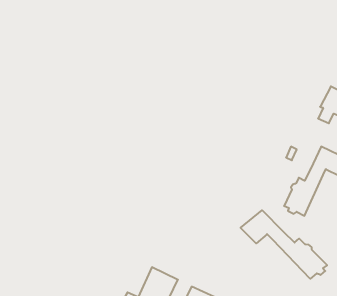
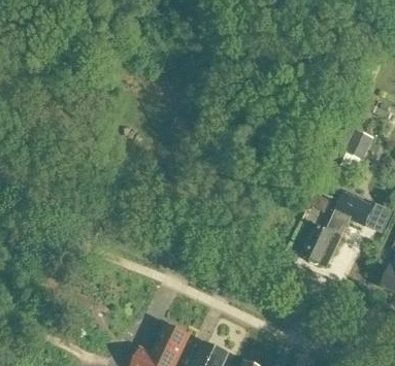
building: [241,210,327,279] -> none

